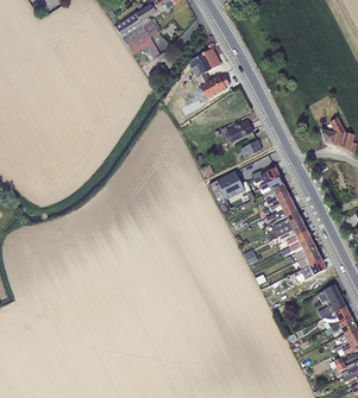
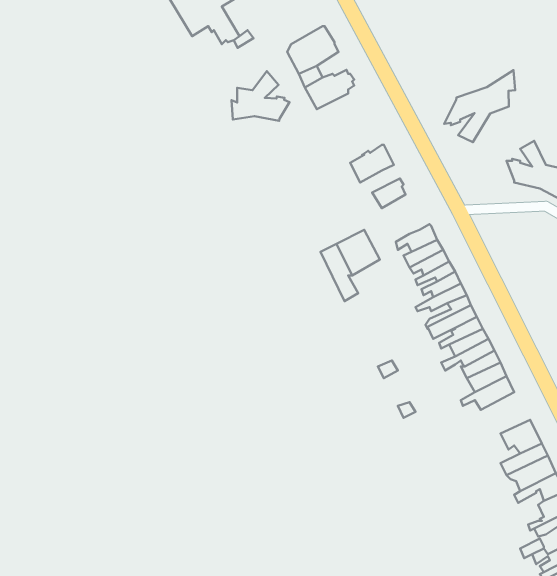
building: none -> [444,70,515,142]
building: none -> [232,71,290,121]

